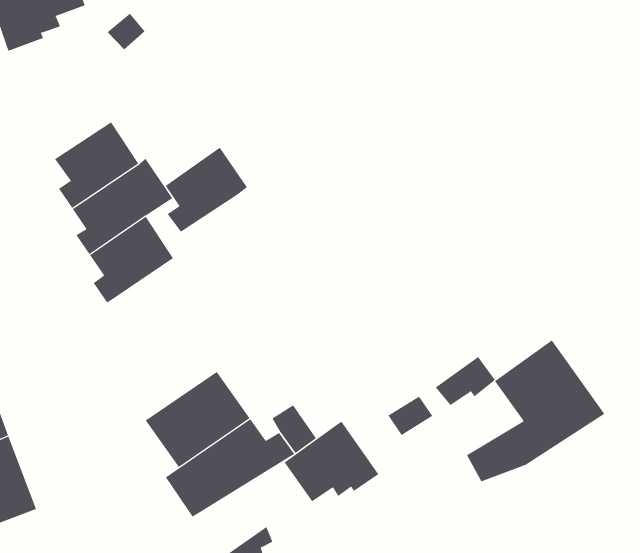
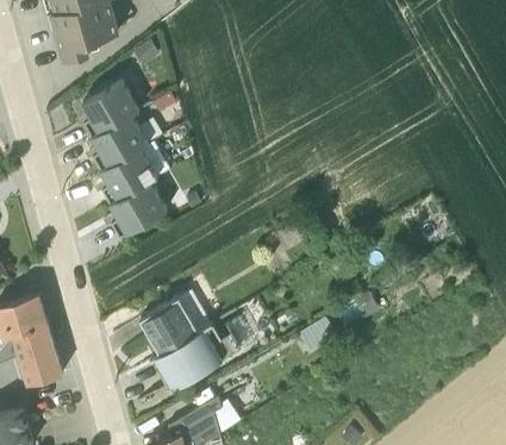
building: [165,147,248,232] -> [83,82,139,138]
building: [466,340,605,482] -> none
building: [284,421,379,502] -> none

